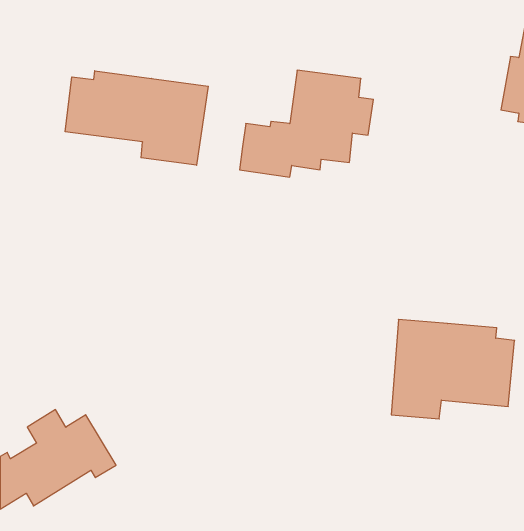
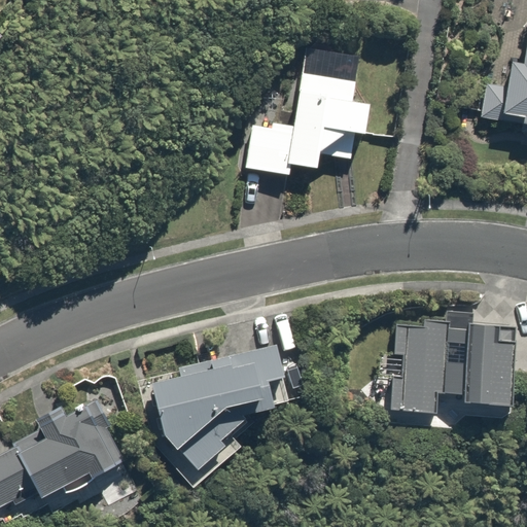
building: [65,71,208,165] -> none
building: none -> [147,344,283,467]

